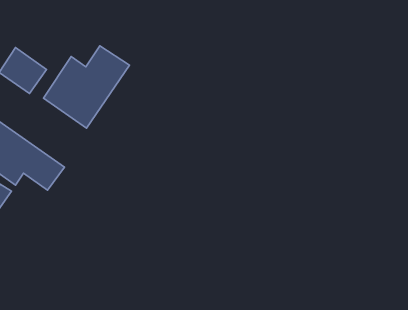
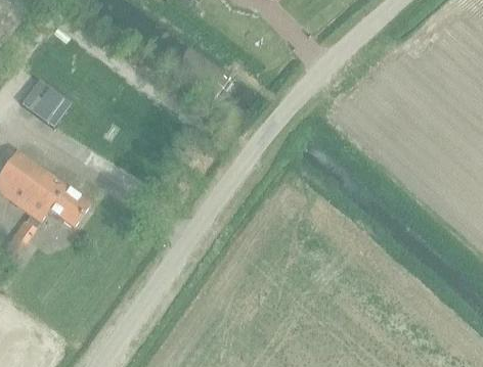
building: [43,46,129,128] -> none

